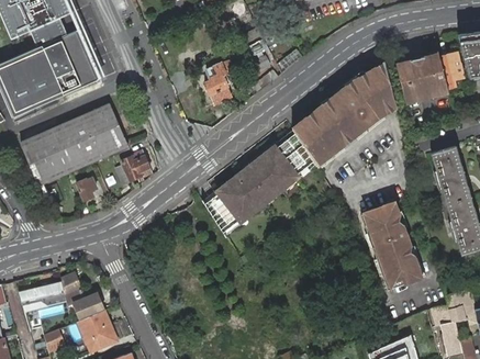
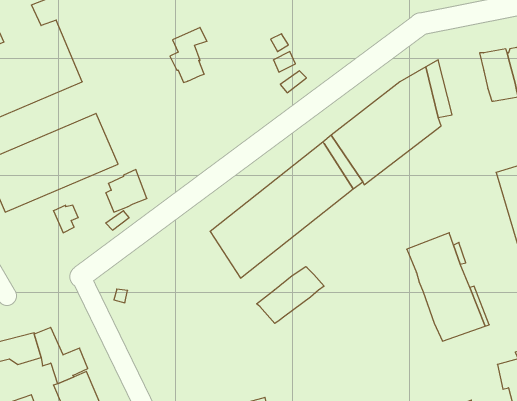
building: [395,56,427,99] -> none
building: [204,59,234,103] -> [170,27,207,82]
building: none -> [257,267,324,323]

